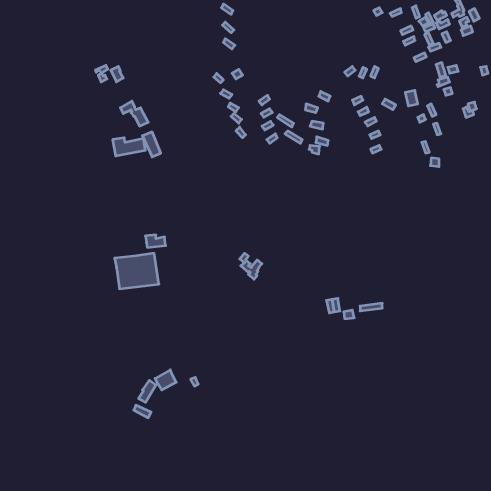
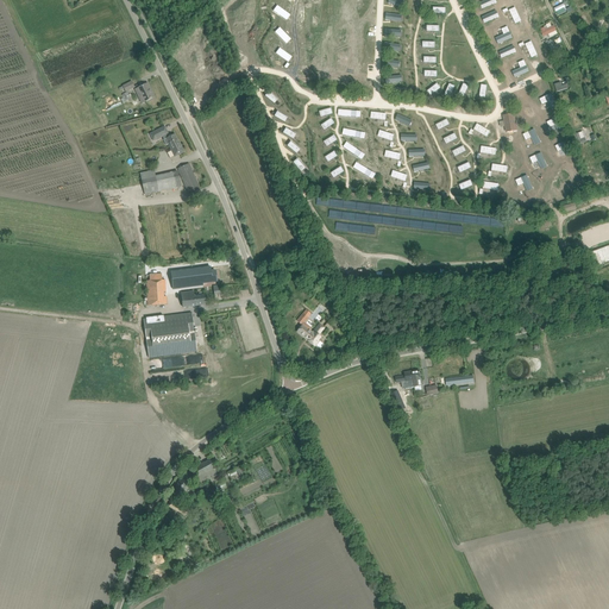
building: none -> [169,265,216,288]
building: none -> [144,272,165,304]

